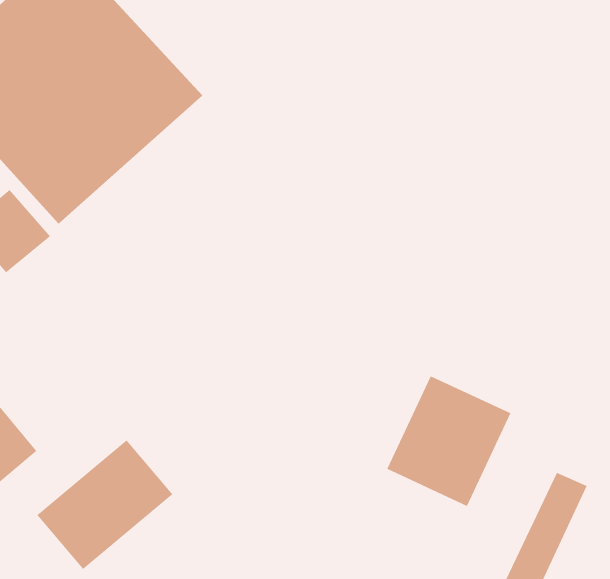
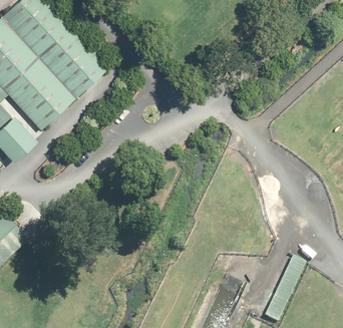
building: [386,375,511,507] -> none
building: [37,439,173,570] -> none

